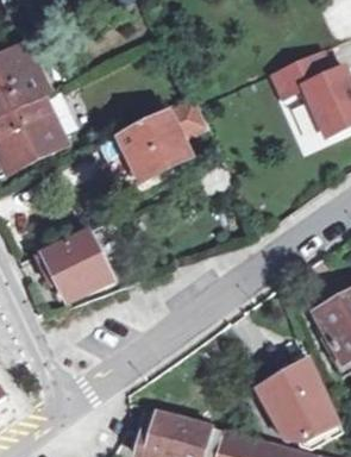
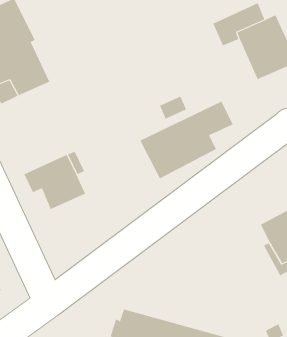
building: [94,96,207,190] -> [140,101,234,179]
building: [259,363,338,442] -> none

